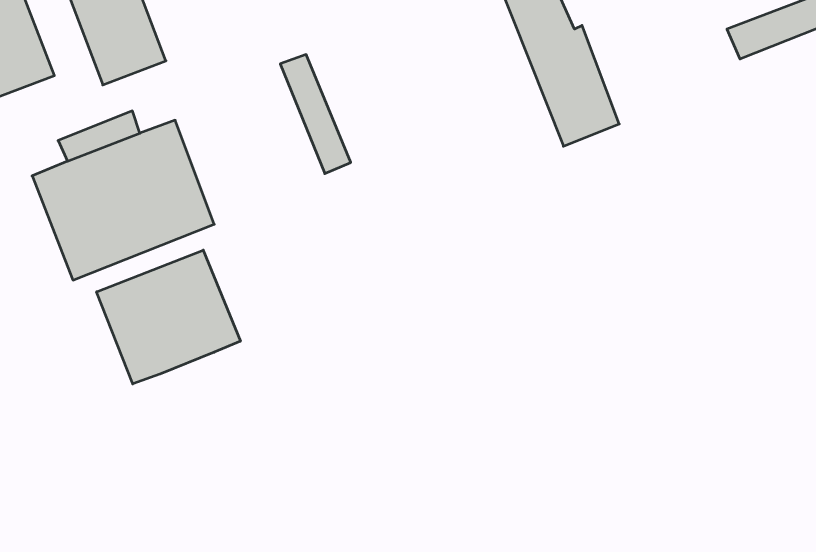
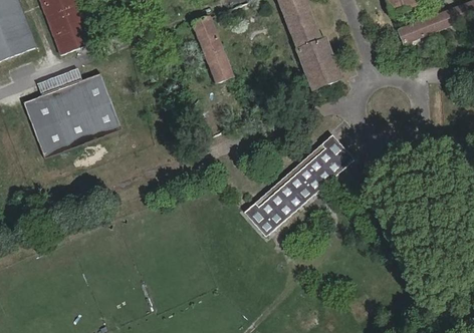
building: [280,55,351,174] -> [192,20,230,84]
building: none -> [246,128,353,230]
building: [97,250,240,384] -> none

